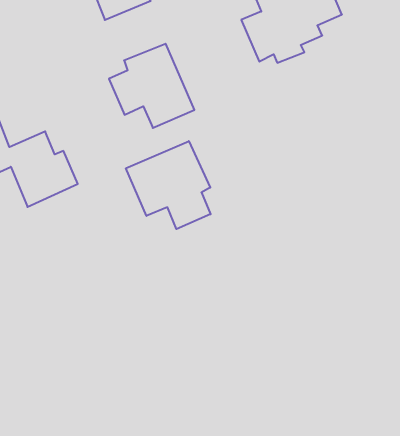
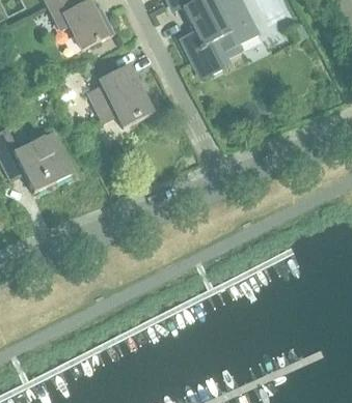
building: [126,141,211,229] -> none

